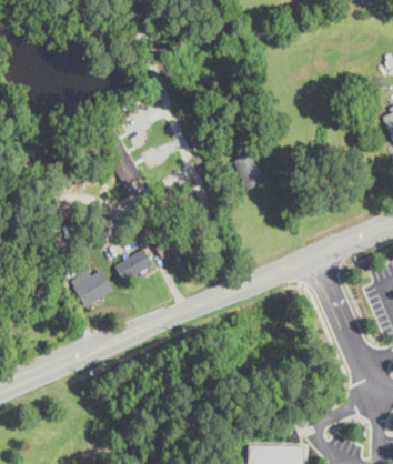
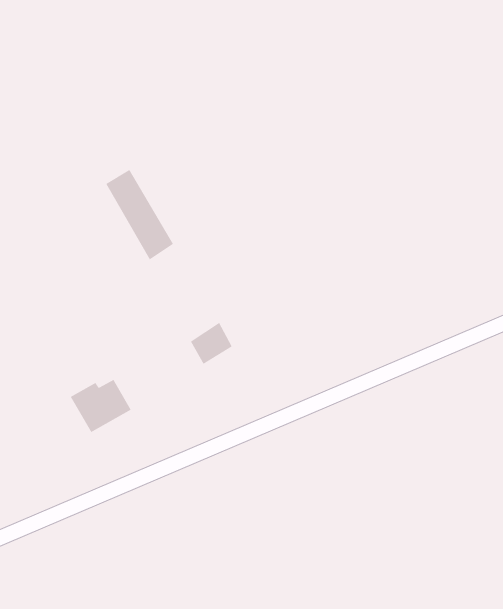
building: [233,149,266,191] -> none
building: [114,249,153,282] -> none

